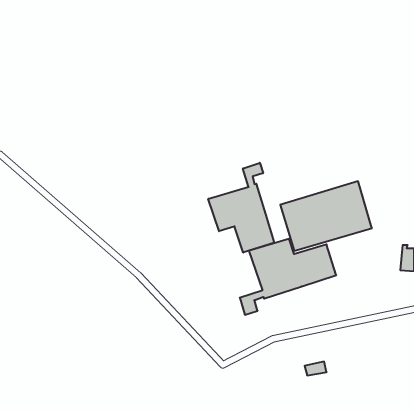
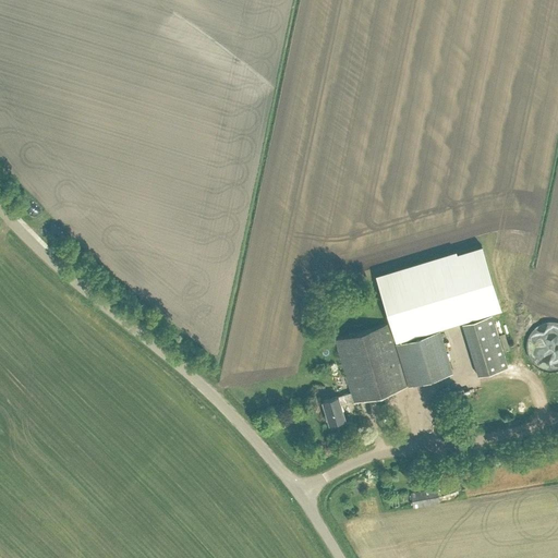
building: [208,163,274,253] -> none
building: none -> [460,318,506,380]

